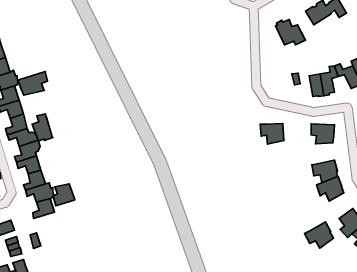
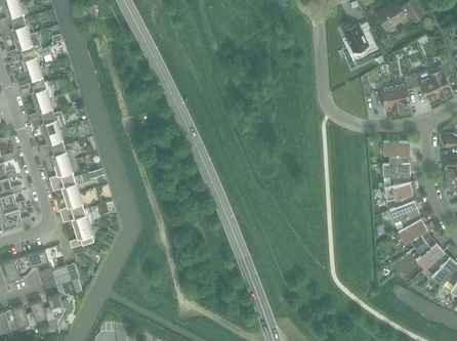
building: [18,72,48,95] -> none
building: [32,114,53,141] -> none
building: [260,123,284,144] -> [381,162,408,185]
building: [53,184,75,206] -> none
building: [305,222,334,248] -> [397,217,429,247]

